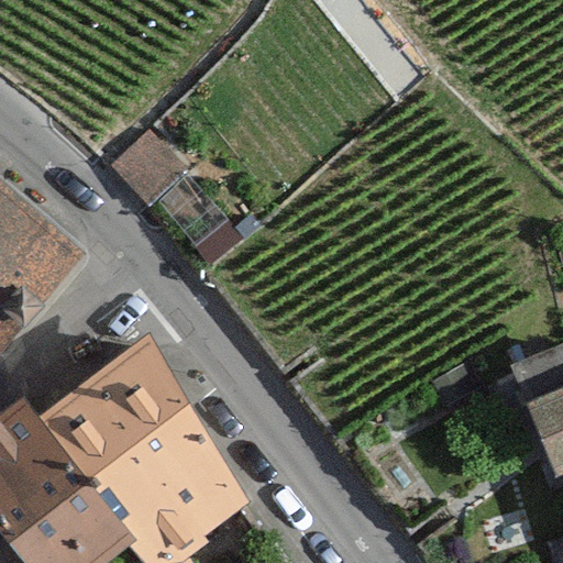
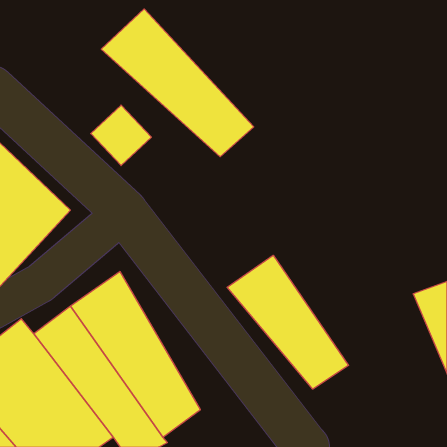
building: none -> [101,9,254,157]
building: none -> [227,255,349,389]

